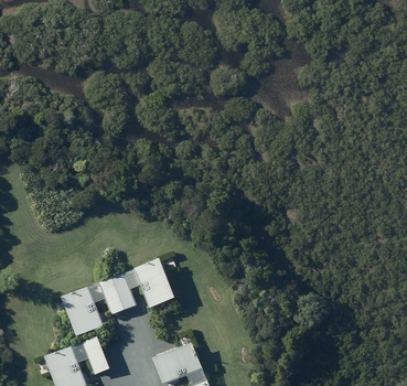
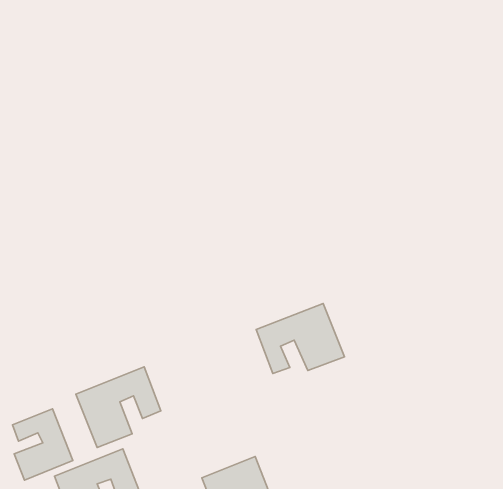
building: [110,258,174,309] -> [256,304,344,373]
building: none -> [13,409,73,480]

